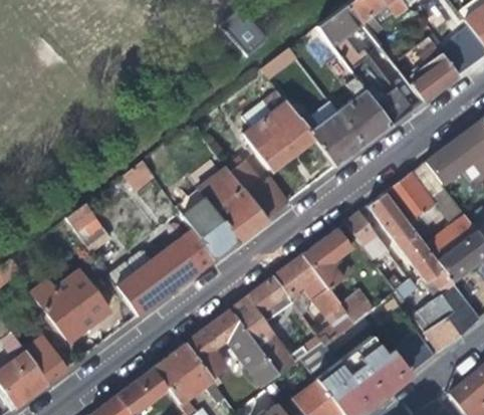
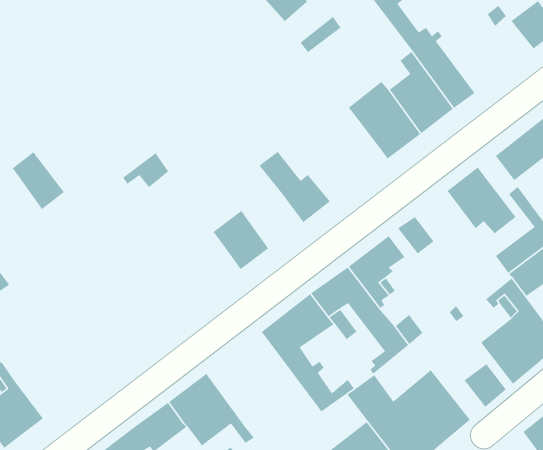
building: [411,54,458,100] -> none
building: [245,101,316,171] -> none
building: [200,168,266,239] -> none
building: [369,191,440,281] -> none
building: [66,201,110,250] -> [12,151,65,210]
building: [124,236,214,315] -> none
building: [31,267,109,338] -> none
building: [186,308,281,389] -> none
building: [25,334,69,381] -> none

